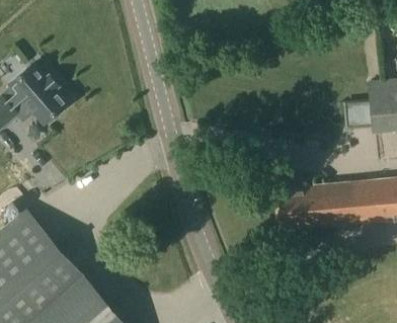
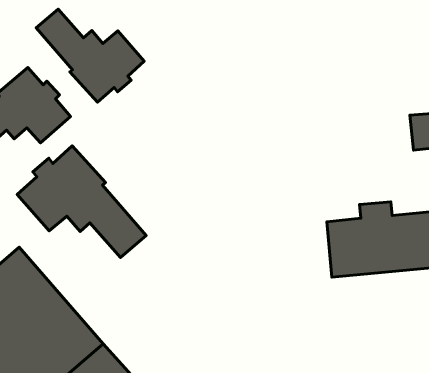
building: none -> [36,9,144,102]
building: none -> [17,146,146,258]

